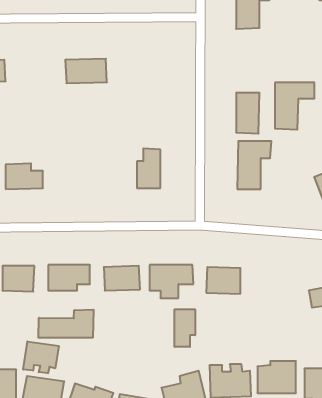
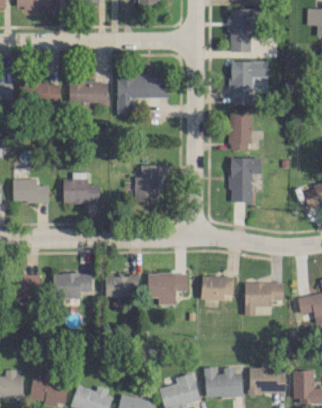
building: none -> [117,75,169,114]
building: none -> [19,82,60,104]
building: [275,83,314,130] -> [231,61,268,105]
building: none -> [63,172,100,204]
building: none -> [245,282,283,315]
building: [175,309,195,347] -> none
building: [38,310,94,338] -> none
building: [23,341,59,373] -> none

